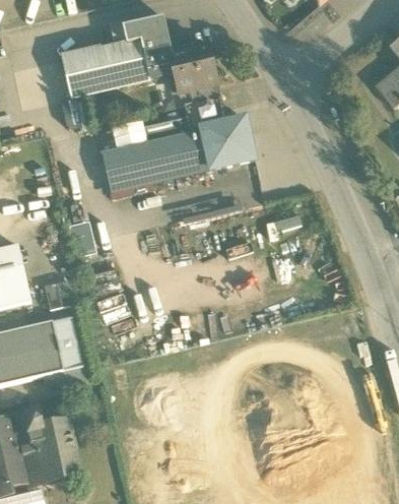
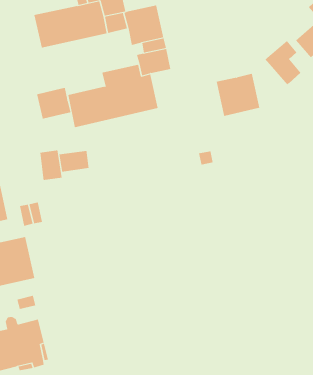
building: none -> [264,40,301,85]
building: [201,116,254,168] -> [216,73,260,116]
building: none -> [37,87,71,119]
building: none -> [59,150,89,172]
building: [52,317,83,371] -> none

